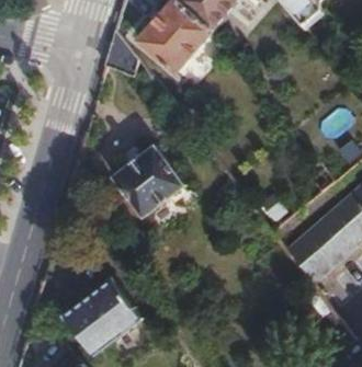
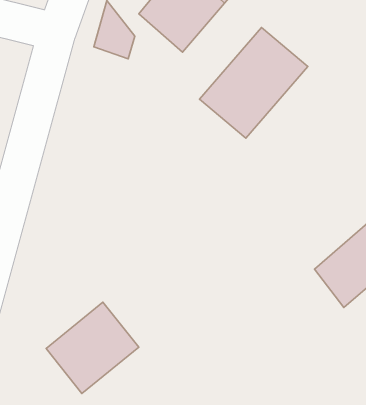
building: none -> [199,27,308,138]
building: [110,145,183,217] -> none

